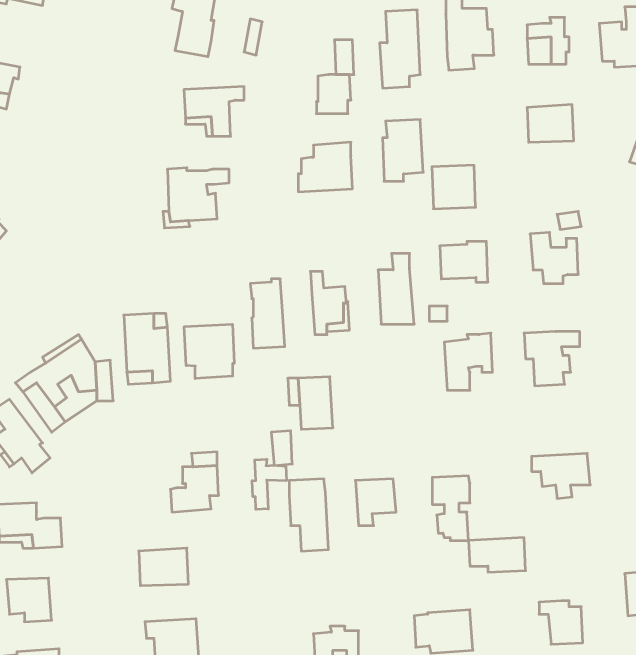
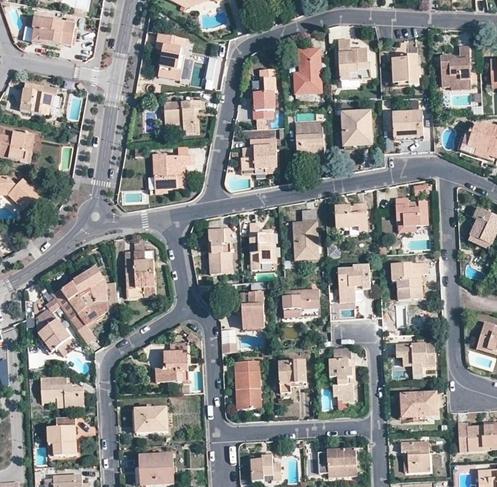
building: [432,165,476,209] -> [342,112,371,141]
building: [184,324,234,379] -> none
building: none -> [282,289,318,317]
building: [252,459,286,509] -> none
building: [468,538,526,572] -> [399,393,437,416]

